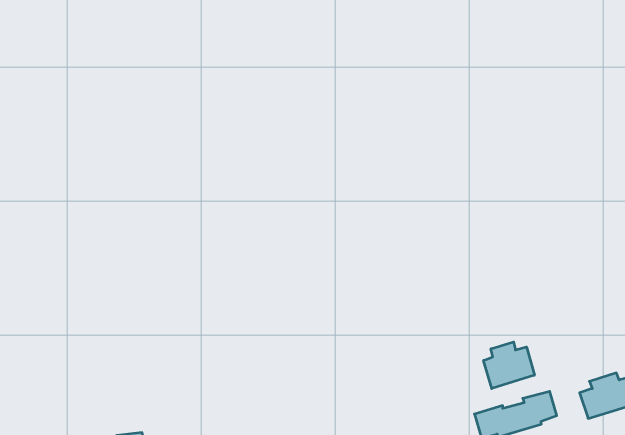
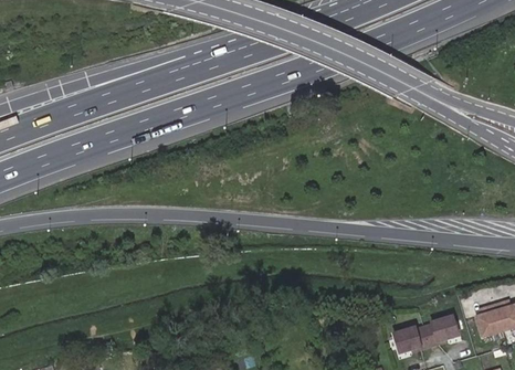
building: [484,342,534,389] -> none

